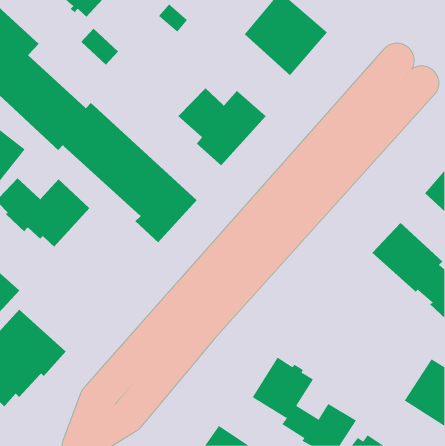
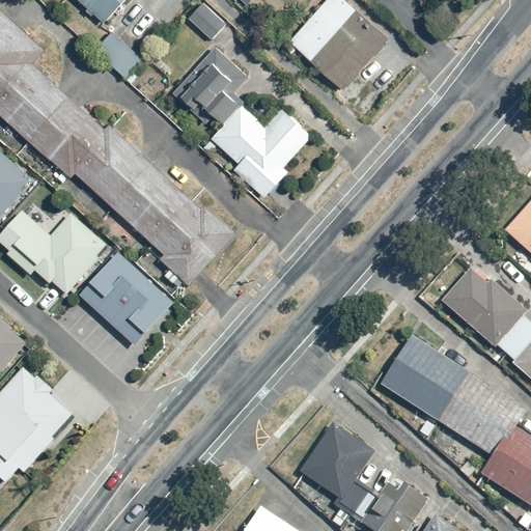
building: none -> [172,46,249,123]
building: none -> [78,252,172,344]
building: none -> [381,335,519,453]

